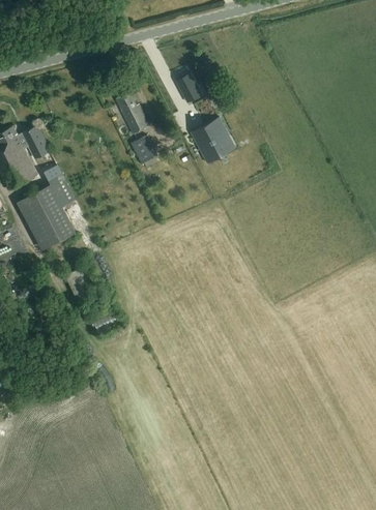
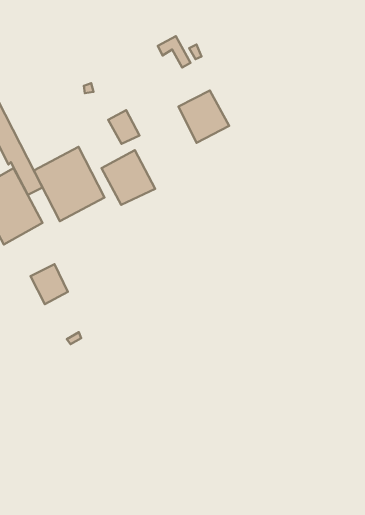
building: [115,92,148,133] -> none
building: none -> [34,147,105,221]
building: none -> [102,150,155,205]

